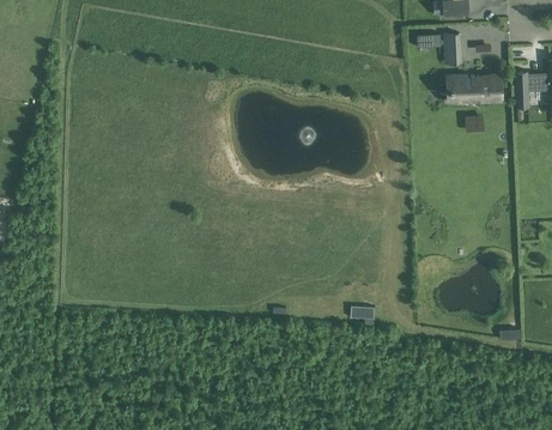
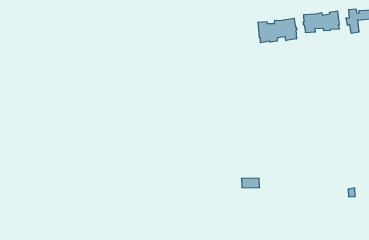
building: none -> [258,18,297,43]

